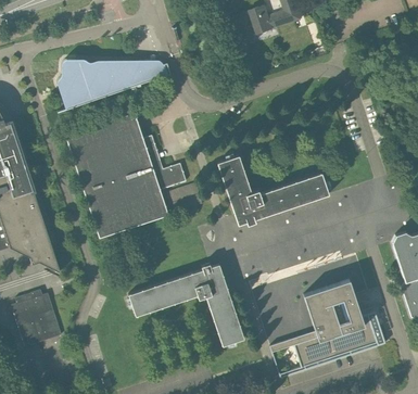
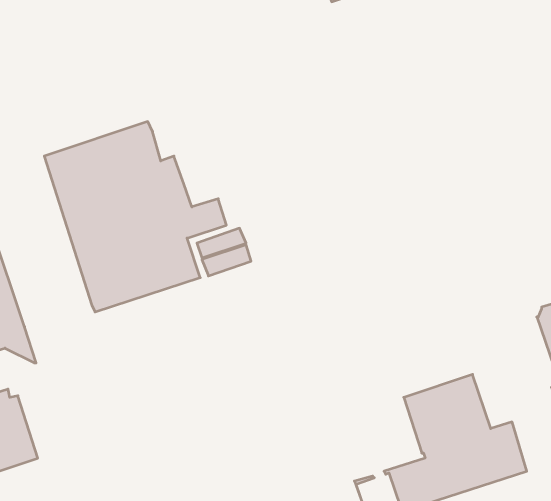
building: [56,59,170,111] -> none
building: [217,155,329,225] -> none
building: [128,263,244,345] -> none

